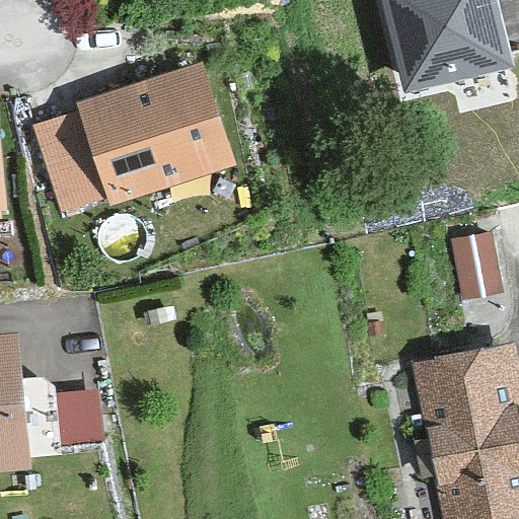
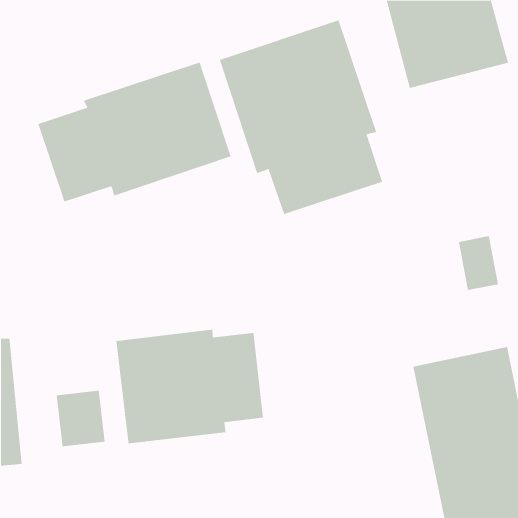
building: none -> [219,20,383,215]
building: none -> [116,329,264,444]

